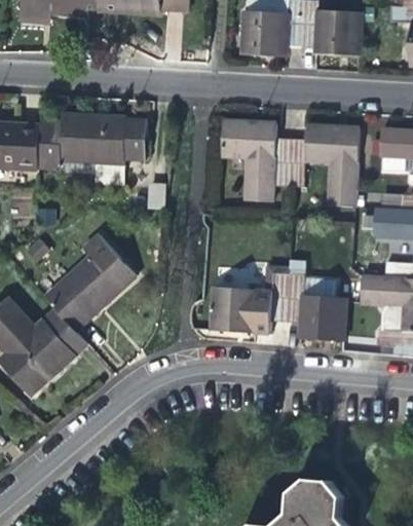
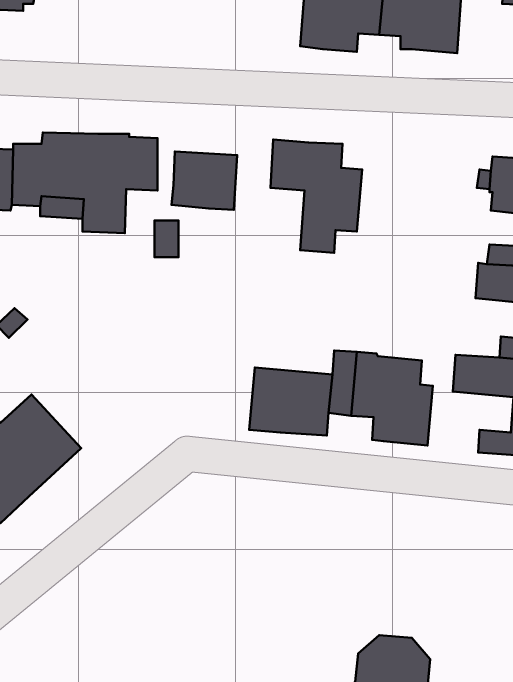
building: [289,124,363,206] -> none
building: none -> [172,151,237,210]
building: [45,242,135,329] -> none

